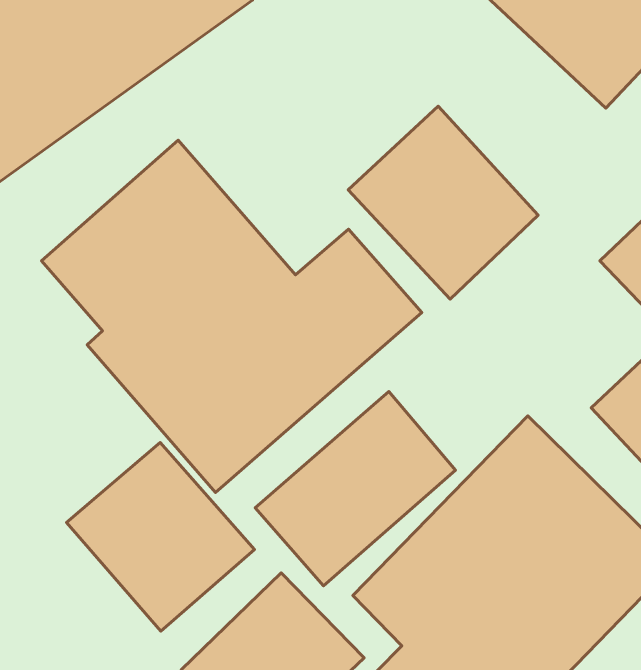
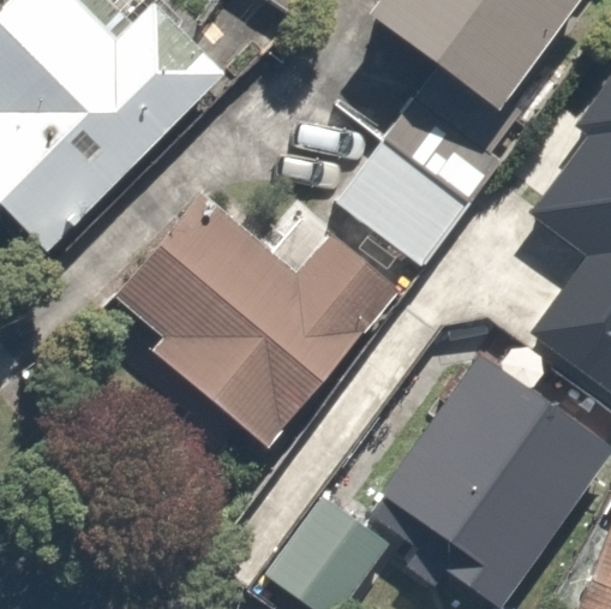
building: [255,392,455,586] -> none
building: [67,442,255,631] -> none

